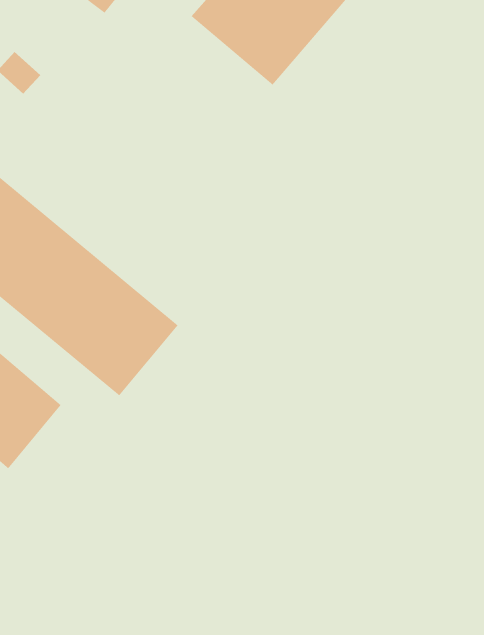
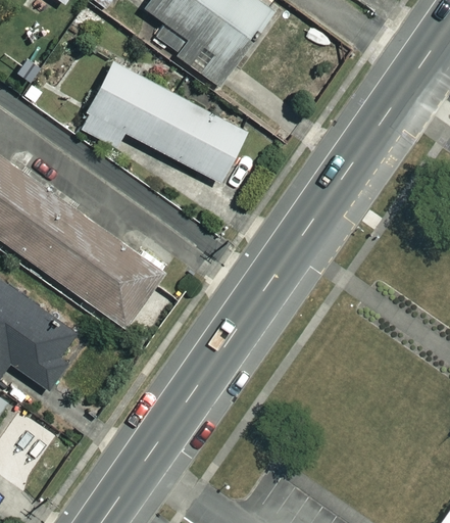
building: none -> [82,63,251,185]

